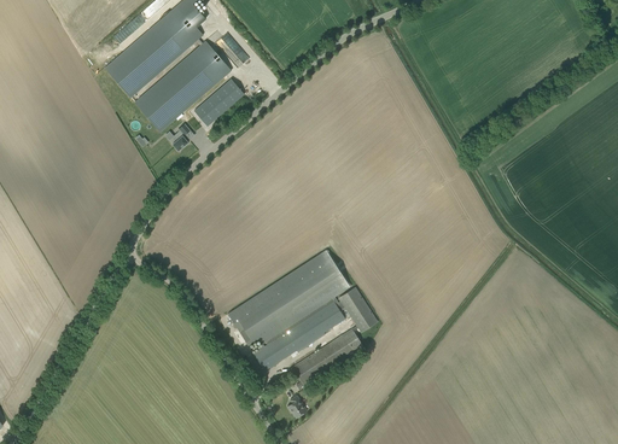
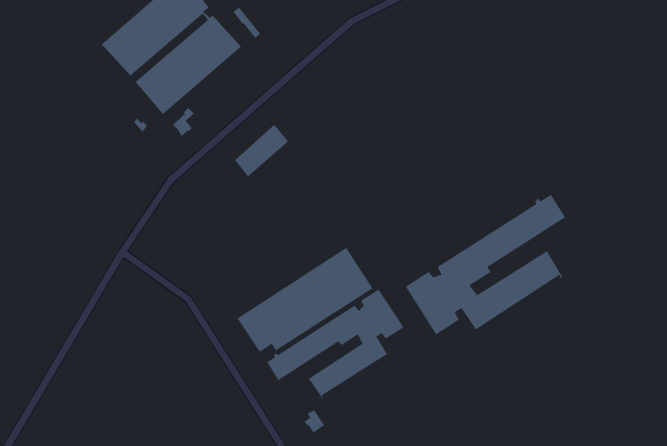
building: [194,77,244,125] -> [234,124,289,178]
building: none -> [405,194,566,335]

